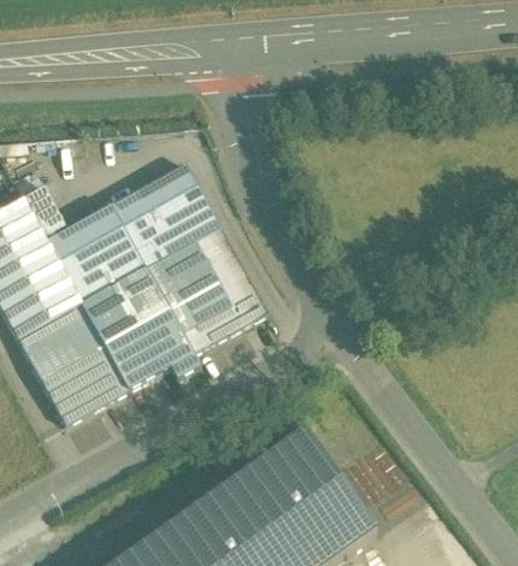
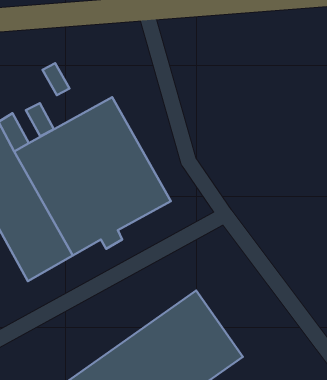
building: none -> [43,63,70,95]
building: none -> [26,103,54,136]

